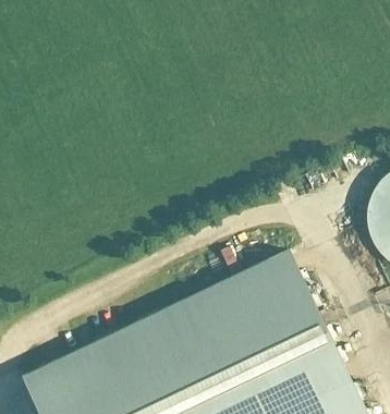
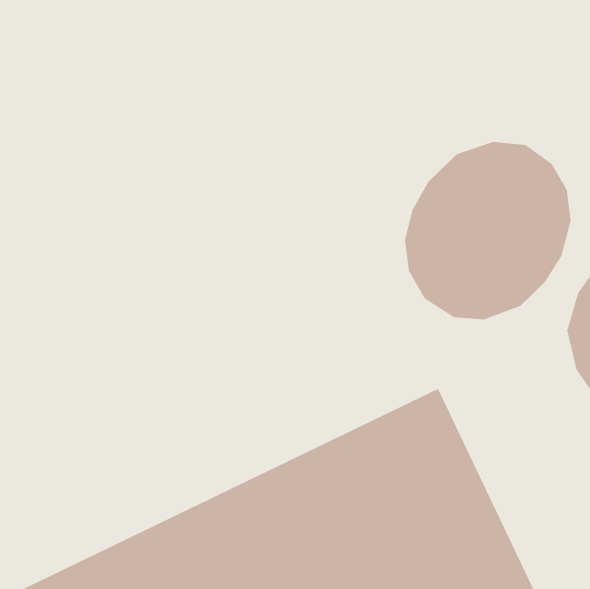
building: none -> [405,141,571,320]

